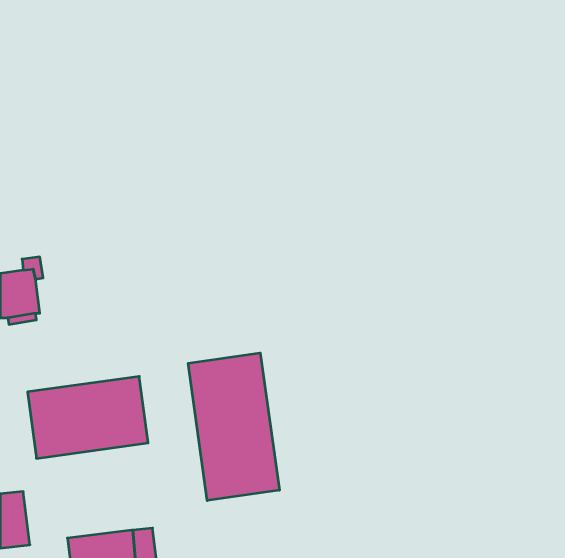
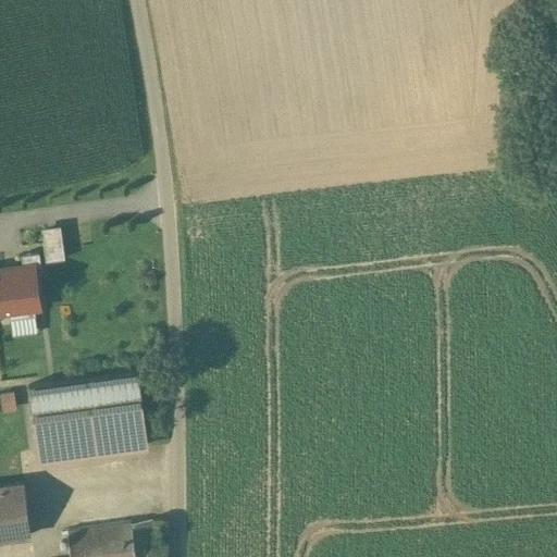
building: none -> [38,230,64,268]
building: [188,353,279,501] -> none

